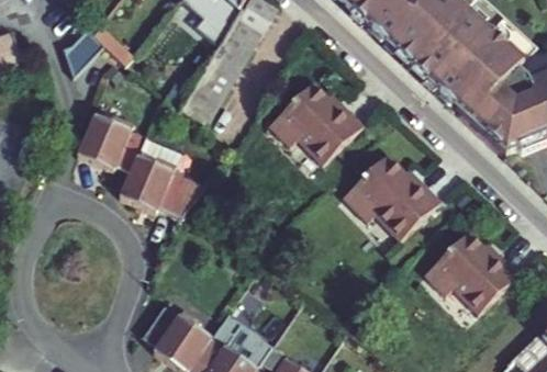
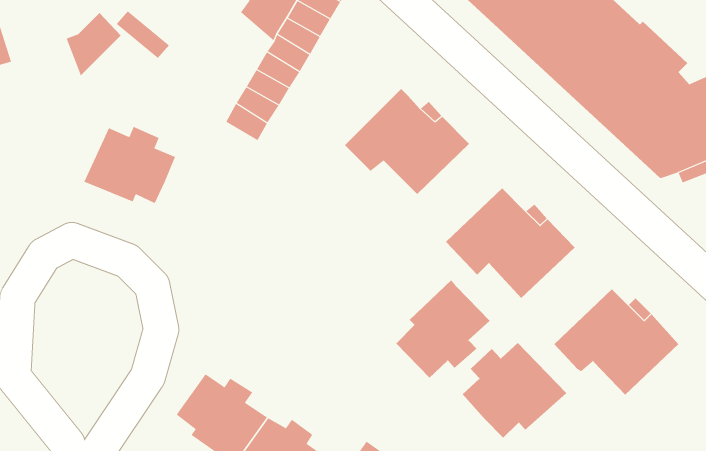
building: [118,134,206,215] -> none
building: none -> [396,279,490,378]
building: none -> [462,342,567,439]

